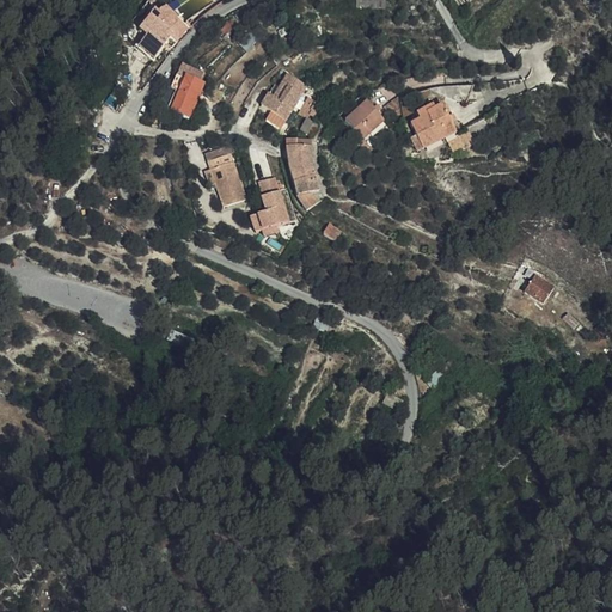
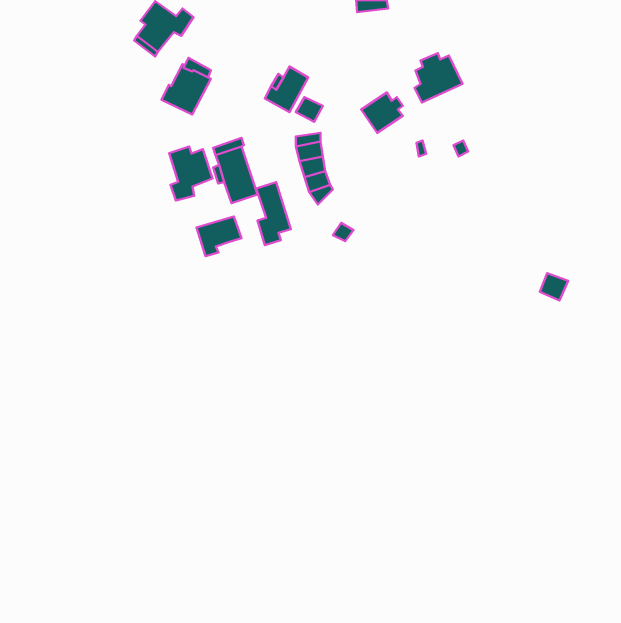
building: [412,103,459,151] -> [414,53,462,102]
building: none -> [169,147,213,200]
building: none -> [197,217,241,256]

